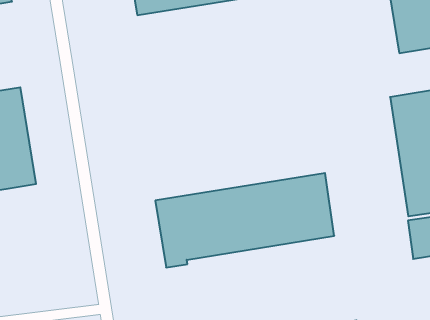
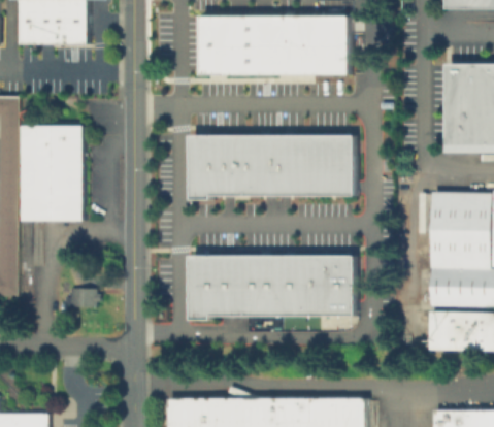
building: none -> [192,133,357,197]
building: none -> [62,288,98,306]

